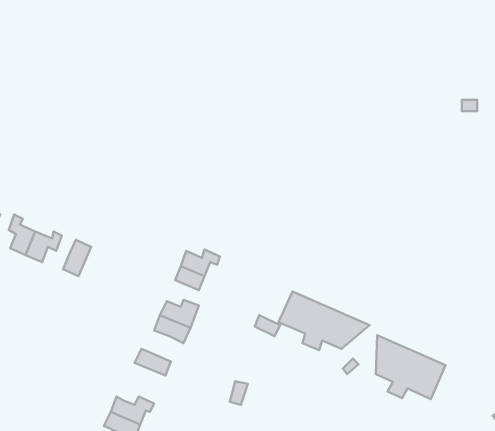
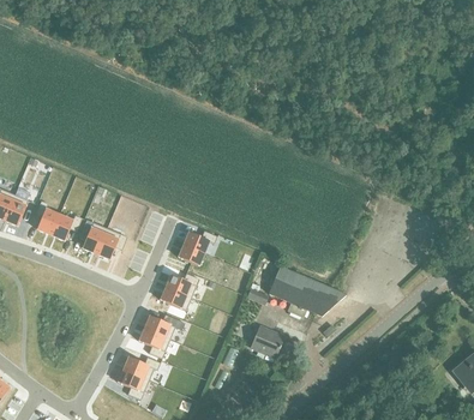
building: none -> [95,228,126,259]
building: [376,335,445,399] -> none
building: none -> [138,328,169,359]
building: none -> [250,329,282,359]

